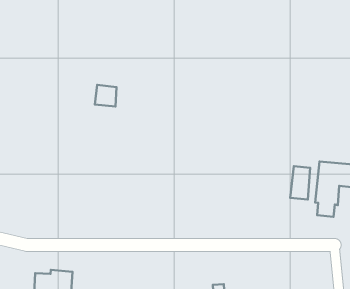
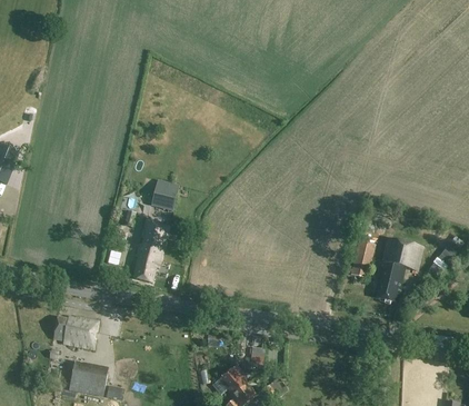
building: [95,85,117,106] -> [150,184,177,210]
building: none -> [133,220,168,283]

